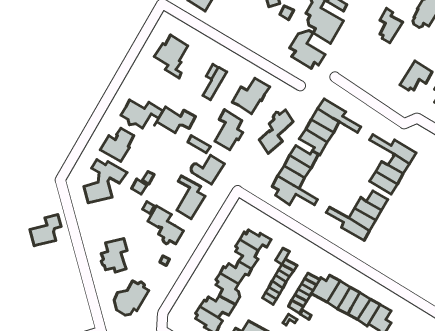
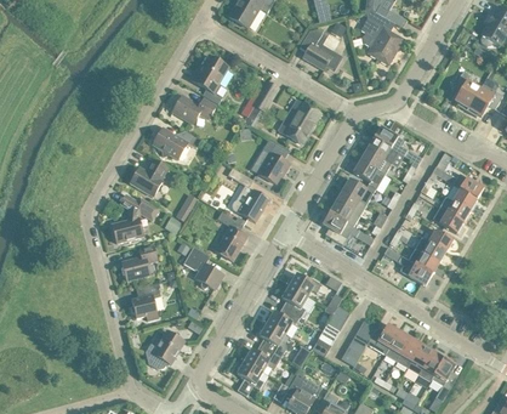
building: [380,8,403,43] -> [455,72,480,110]
building: [289,31,325,69] -> [300,28,340,70]
building: [155,107,196,133] -> [170,95,216,124]
building: [259,110,293,154] -> none
building: [30,214,61,246] -> [121,245,156,280]

